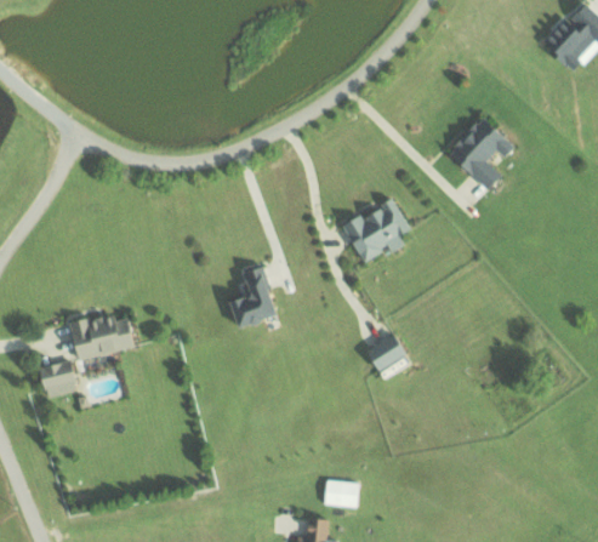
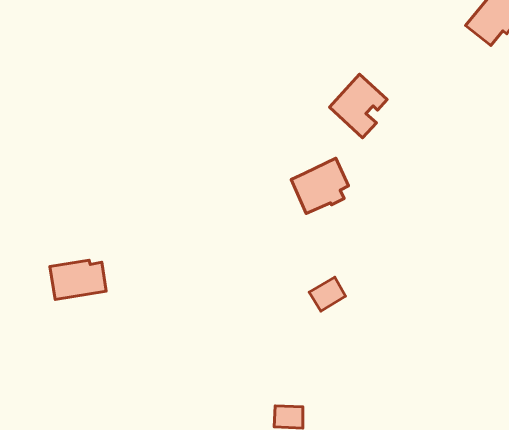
building: [449,116,514,189] -> [330,74,387,138]
building: [228,264,278,327] -> none
building: [40,360,80,399] -> none

